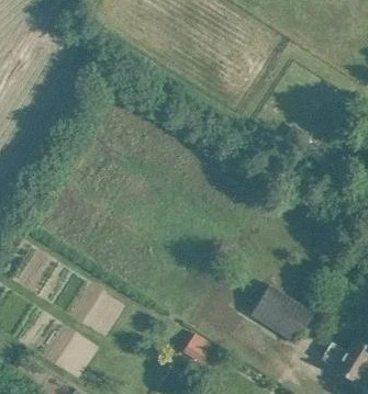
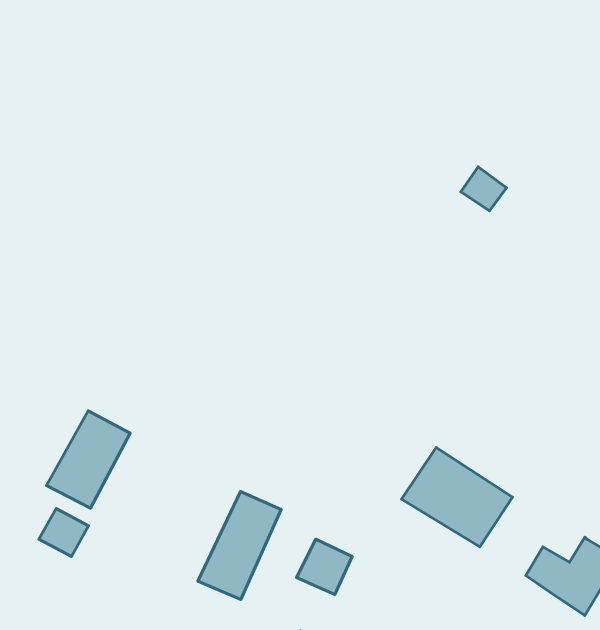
building: none -> [46,411,130,508]
building: none -> [198,491,281,600]

